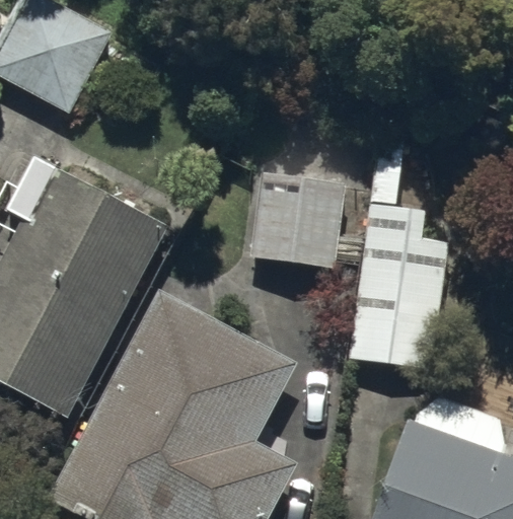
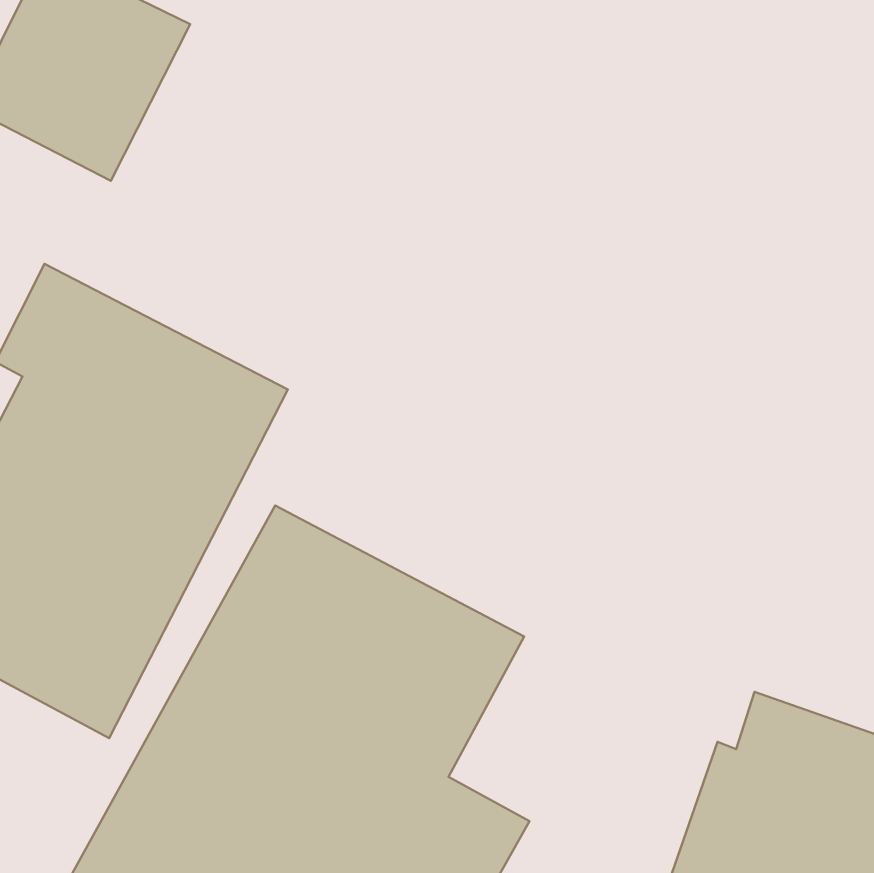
building: [349,159,450,371] -> none
building: [251,172,343,266] -> none

